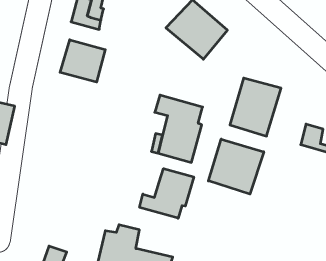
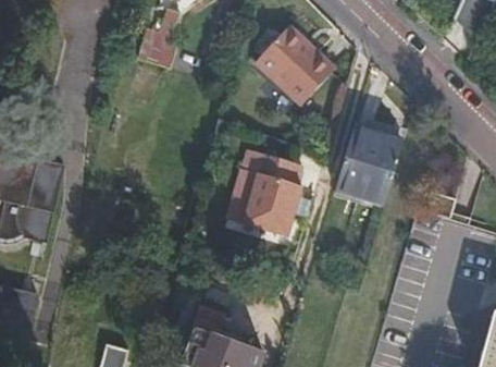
building: [60,40,105,82] -> none
building: [208,139,264,194] -> none
building: [140,169,194,218] -> none

